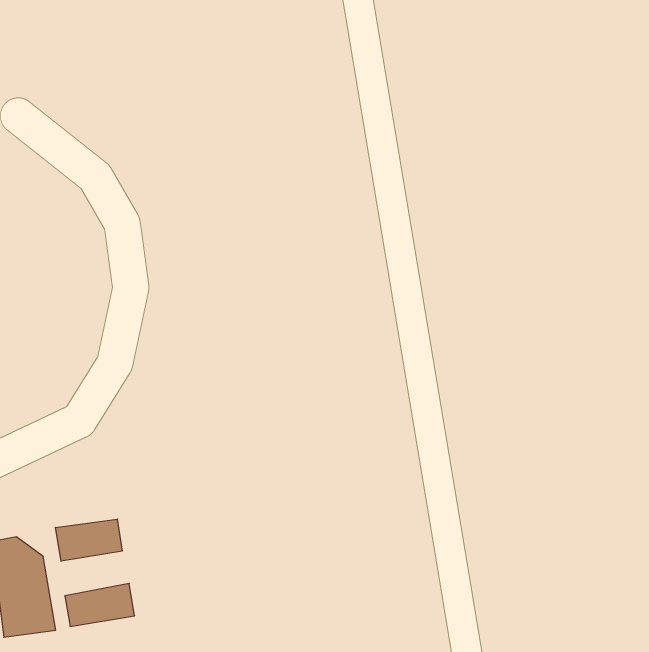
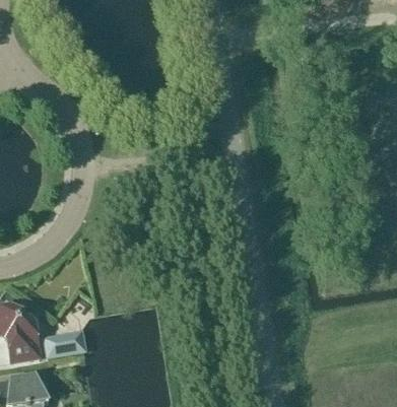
building: [55,519,122,561] -> none

